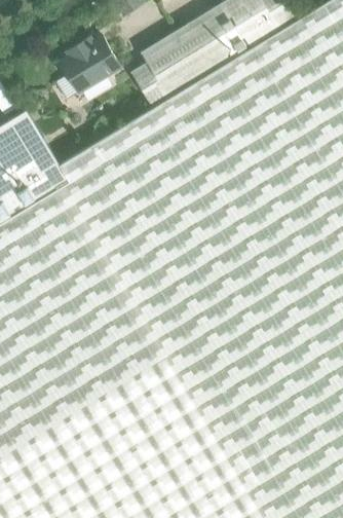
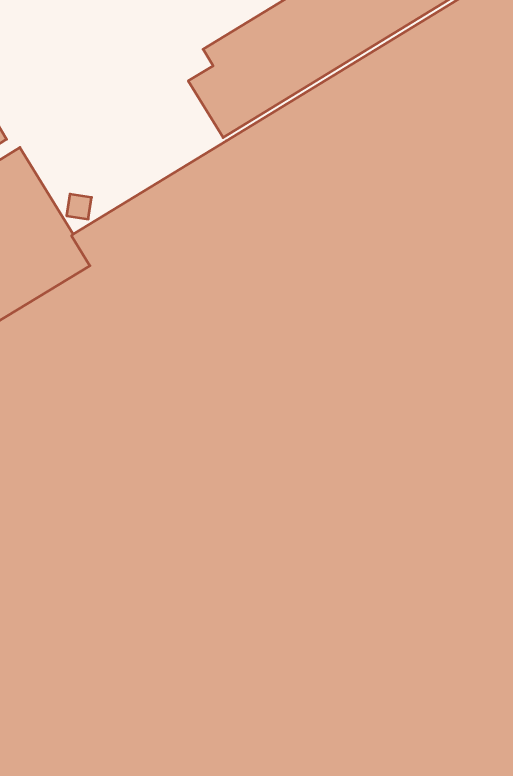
building: [56,37,121,101] -> none

